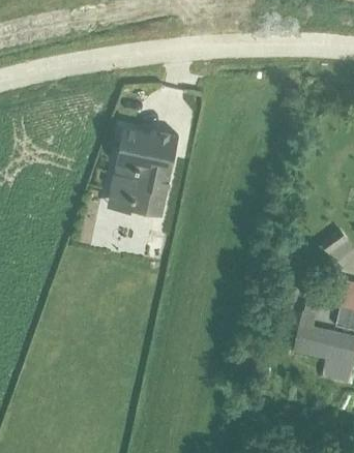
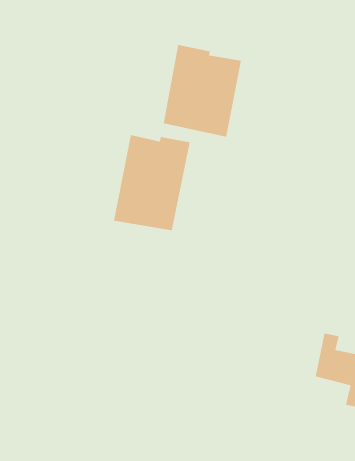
building: none -> [163,44,241,138]

